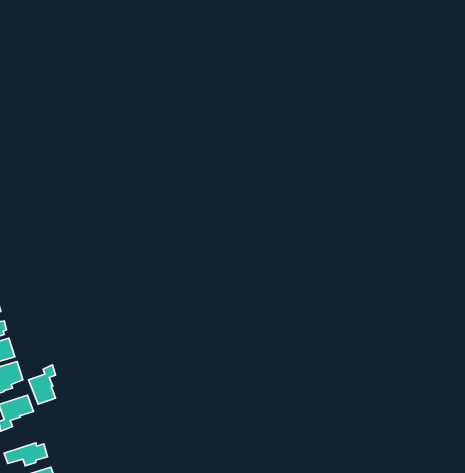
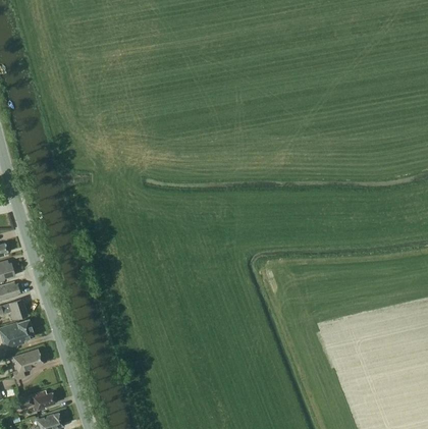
building: [28,365,56,404] -> none

